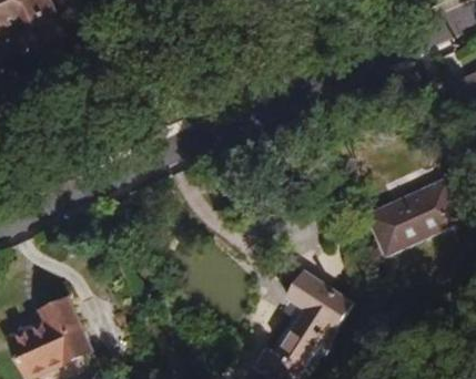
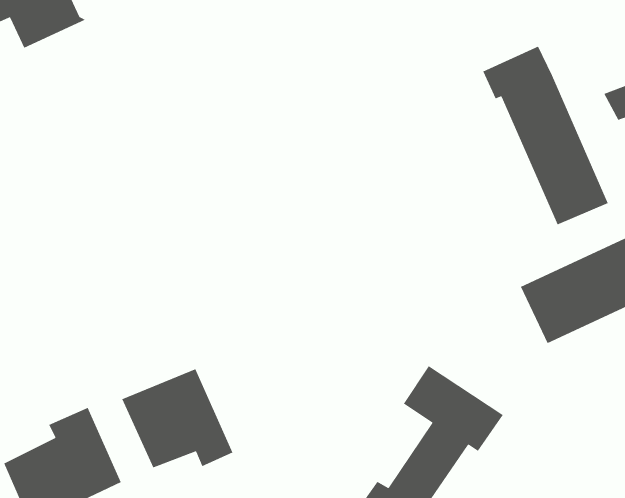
building: none -> [482,46,609,225]
building: none -> [121,368,234,468]

